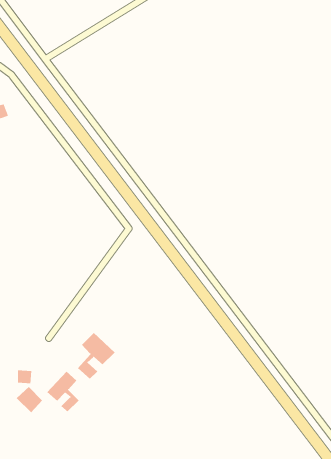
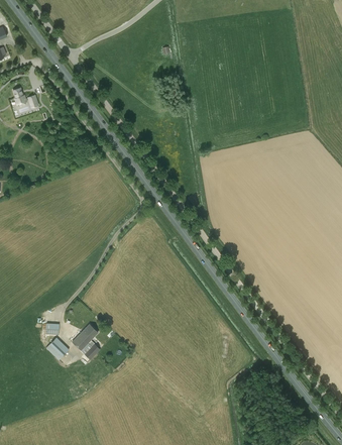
building: [77,332,115,379] -> none

